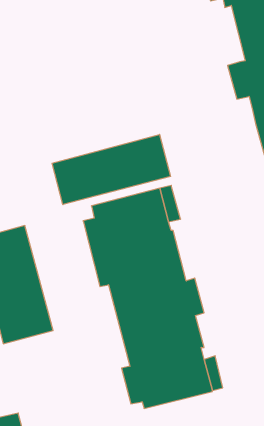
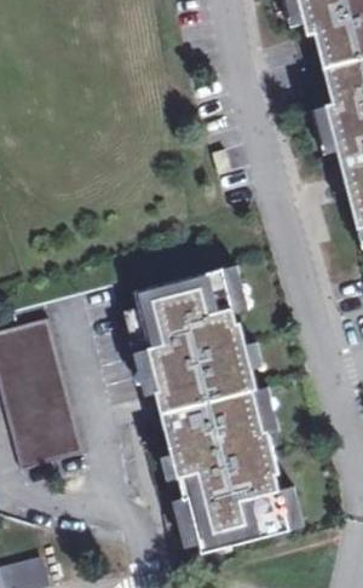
building: [52,134,171,205] -> none

